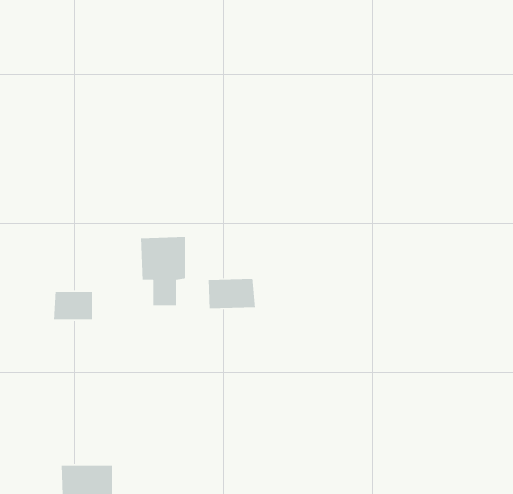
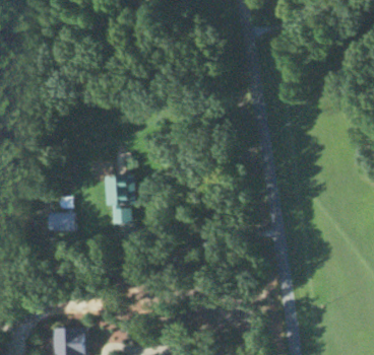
building: [208,278,256,309] -> none

